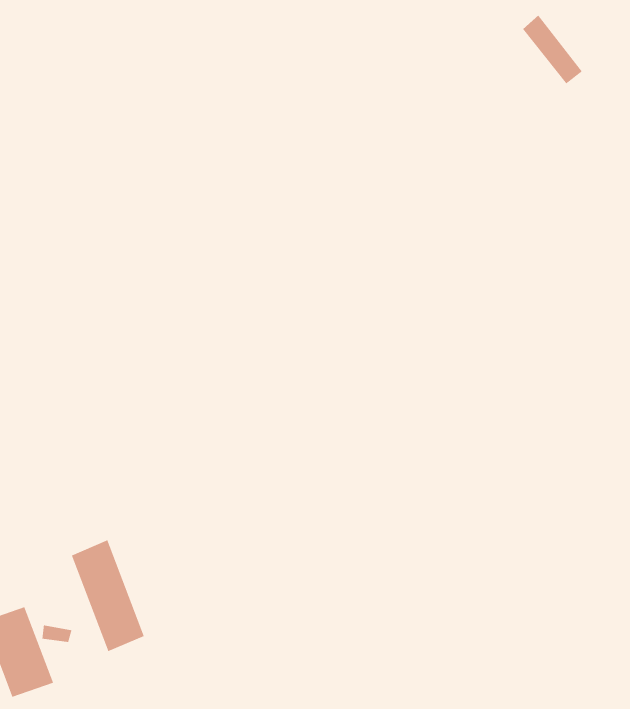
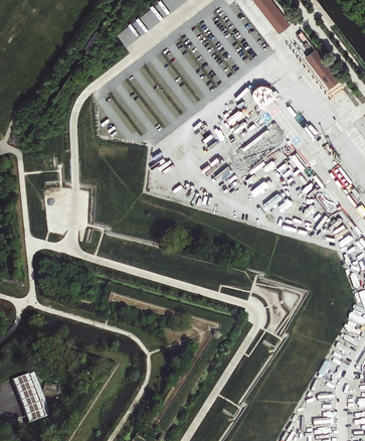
building: [71,539,145,652] -> none

